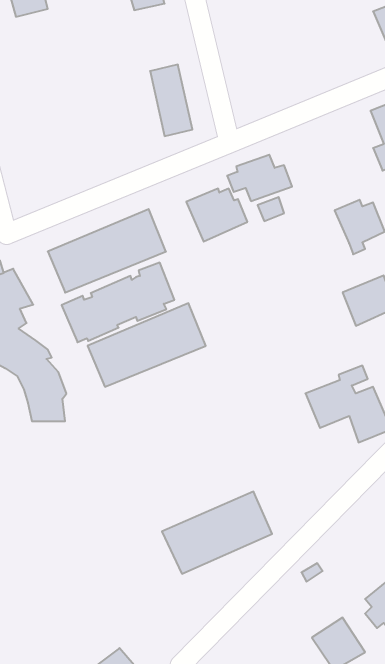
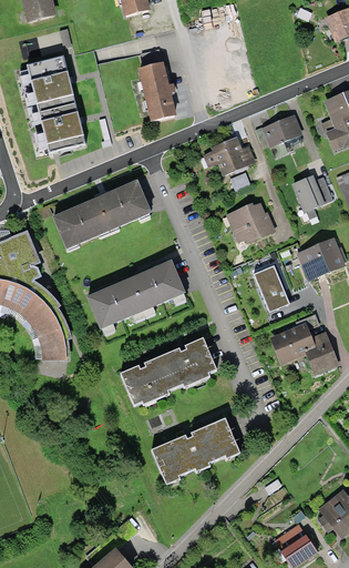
building: none -> [23,51,89,155]
building: none -> [261,113,302,159]
building: [186,189,247,242] -> [225,201,276,245]
building: [62,263,174,342] -> [124,336,218,403]
building: none -> [256,264,292,310]

